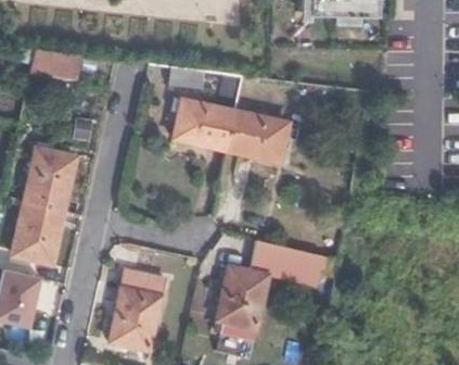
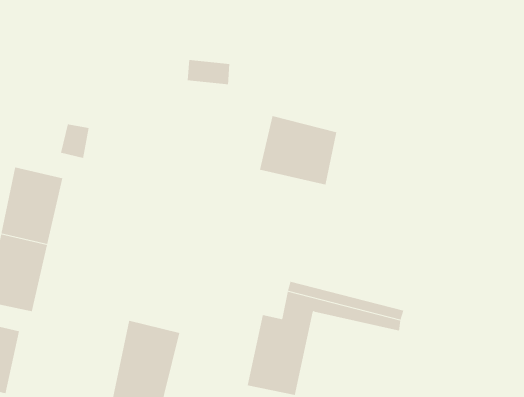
building: [33,49,78,76] -> none
building: [171,73,244,152] -> none

